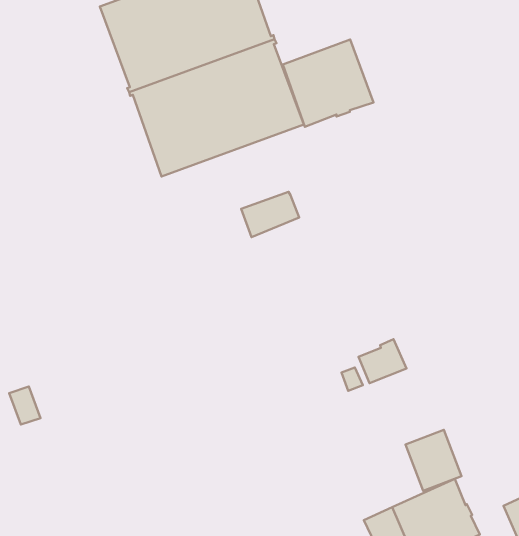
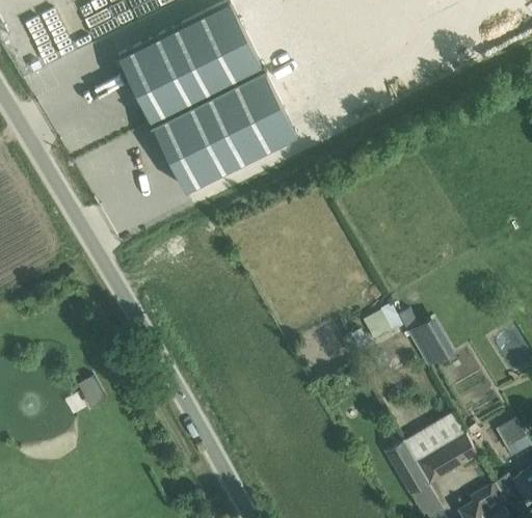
building: [283,39,373,127] -> none
building: [241,192,299,237] -> none
building: [406,430,461,491] -> [406,319,455,371]

